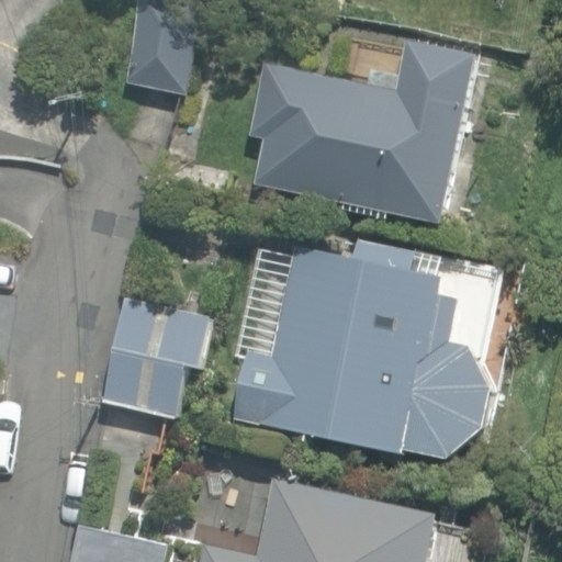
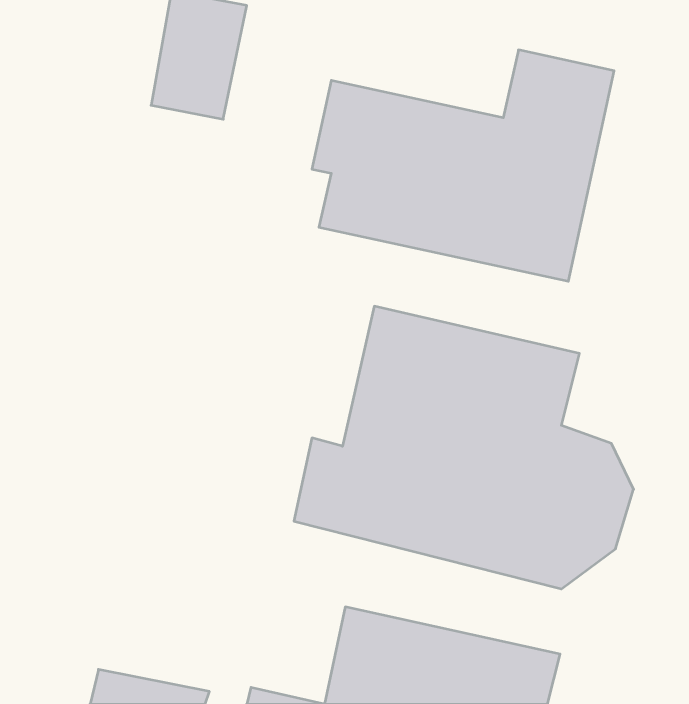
building: [93,295,204,419] -> none

